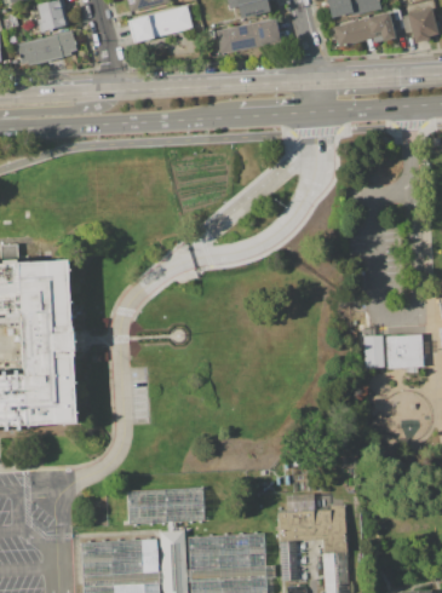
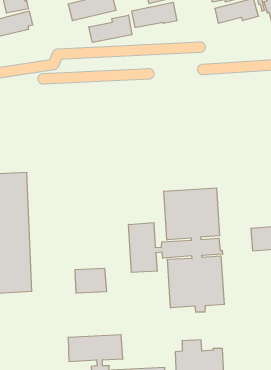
building: none -> [89,15,132,42]
building: none -> [129,188,224,312]
building: [363,335,384,368] -> none
building: none -> [75,268,106,293]

